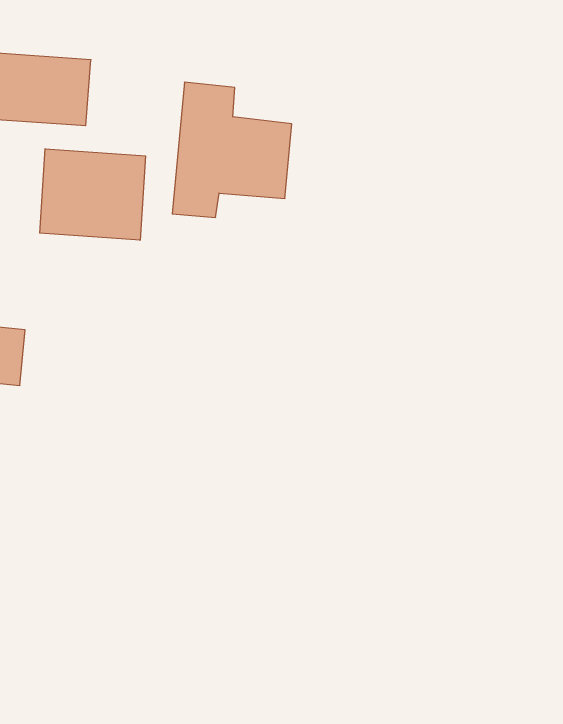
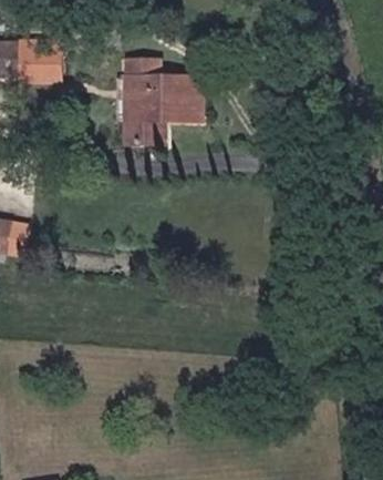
building: [40,149,145,240] -> none

